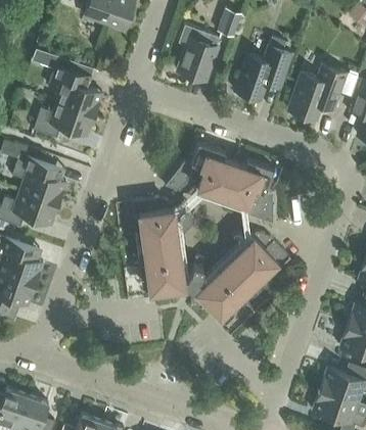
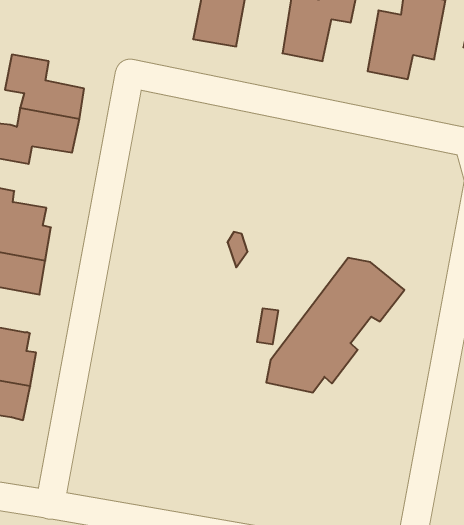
building: [167,144,274,224] -> none
building: [132,198,185,302] -> none

